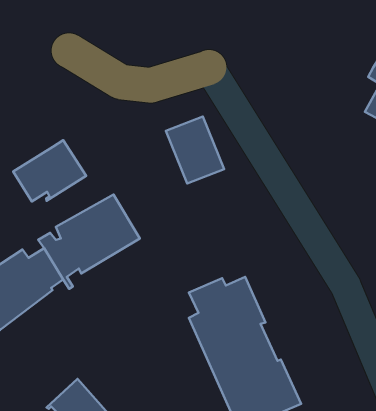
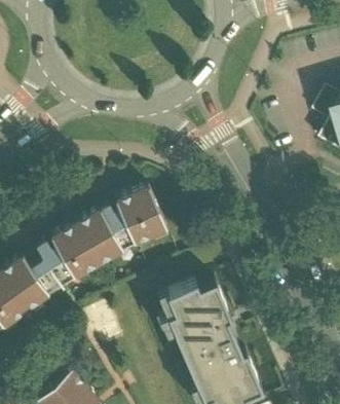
building: [166,116,224,183] -> [118,183,168,241]
building: [13,140,86,201] -> none

